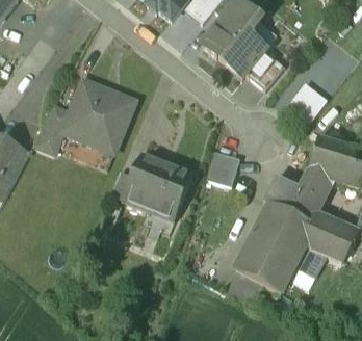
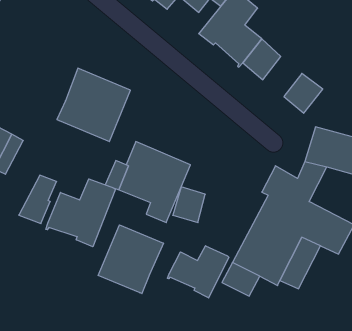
building: [32,104,70,152] -> [19,175,57,224]
building: [206,150,238,185] -> [173,187,205,223]
building: none -> [46,179,115,247]
building: none -> [98,225,163,294]
building: none -> [167,246,229,298]

